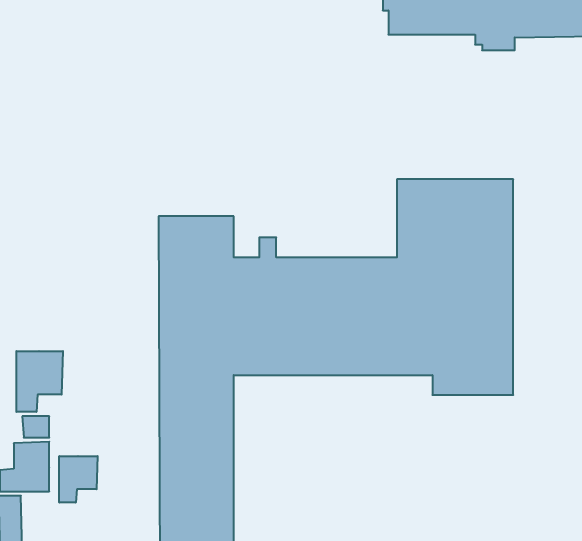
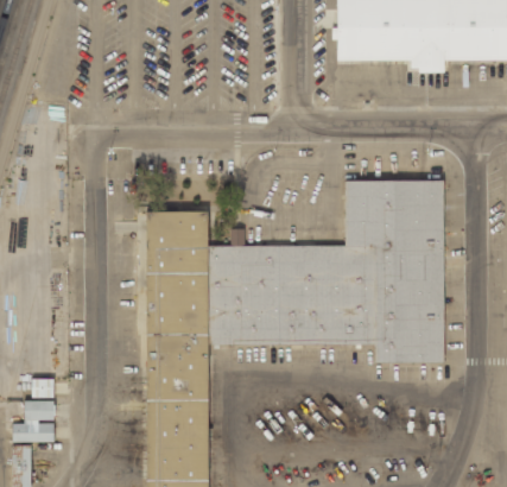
building: [16,351,63,412] -> none
building: [59,456,98,503] -> none

